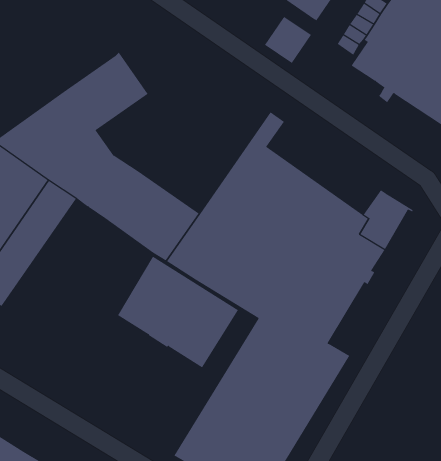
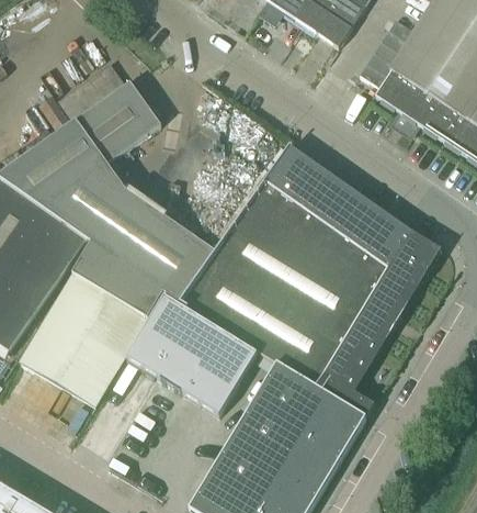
building: [264,16,312,64] -> none
building: none -> [55,60,126,122]
building: none -> [286,154,406,252]
building: none -> [22,242,166,405]

